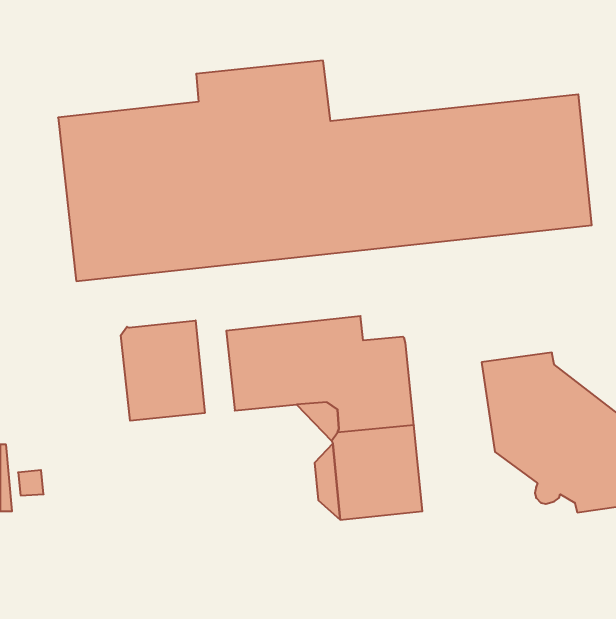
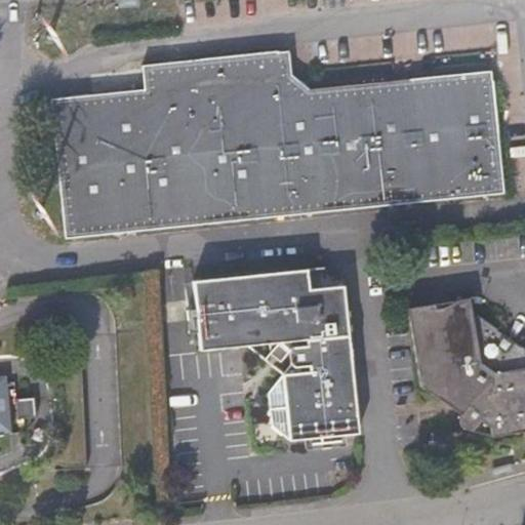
building: none -> [276,50,492,103]
building: [121,320,205,421] -> none

